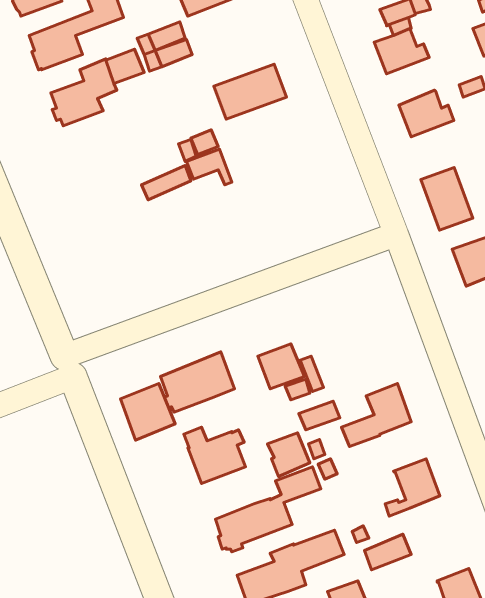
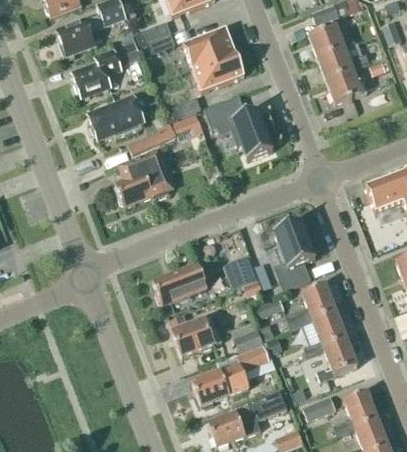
building: none -> [183,27,236,67]
building: none -> [318,48,358,81]
building: none -> [89,96,145,138]
building: none -> [205,96,273,159]
building: [421,168,473,230] -> none
building: none -> [116,151,169,206]
building: none -> [273,221,315,290]
building: [120,383,175,440] -> none
building: none -> [304,312,347,354]
building: none -> [333,392,378,436]

